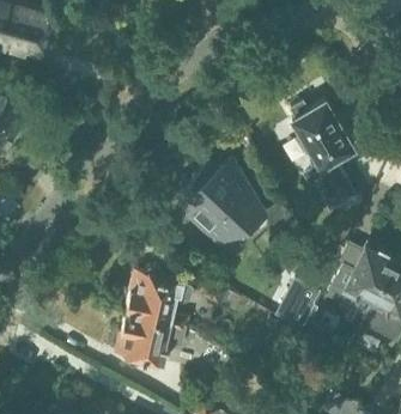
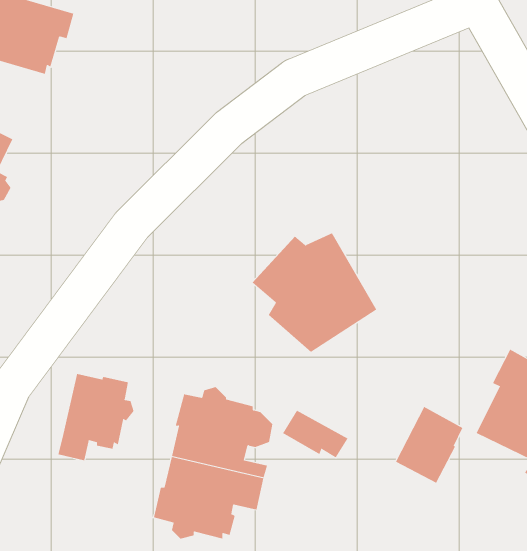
building: [290,103,357,213] -> none
building: none -> [58,373,134,461]

